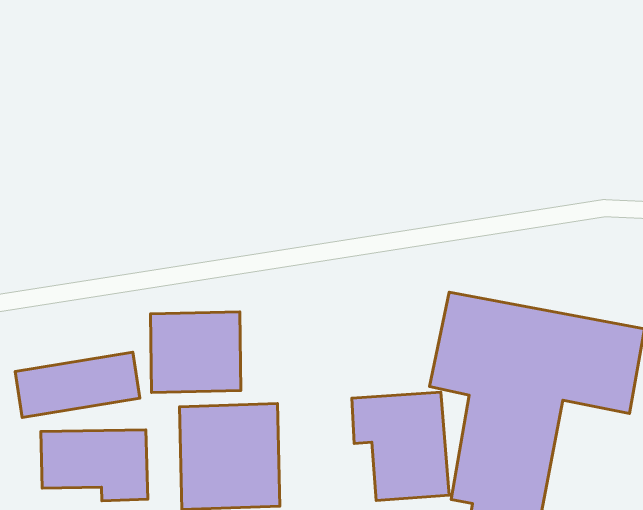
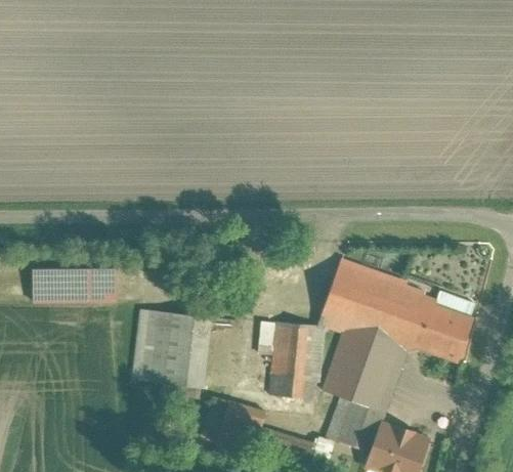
building: [150,312,241,392] -> none
building: [41,430,148,501] -> none

